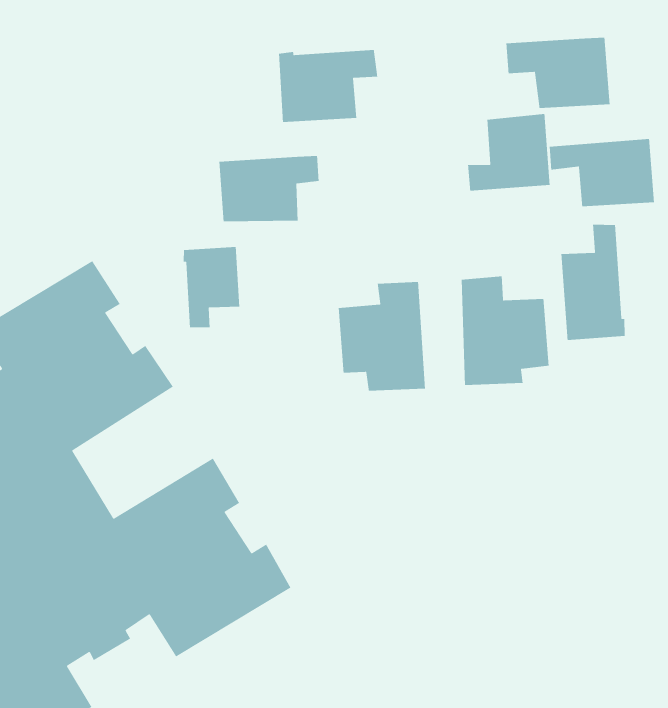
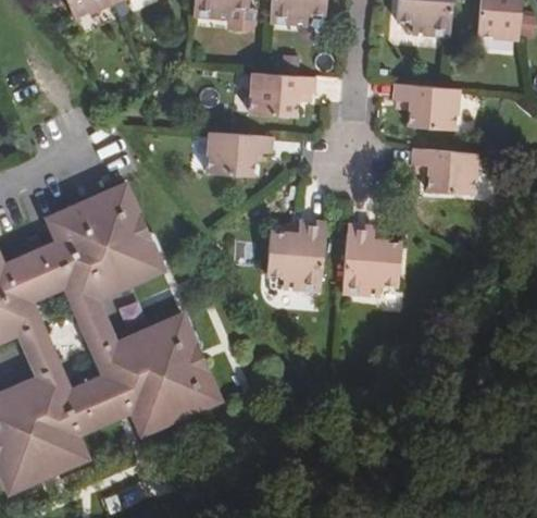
building: [467,113,551,192] -> none
building: [560,224,625,341] -> none
building: [183,246,240,328] -> none

